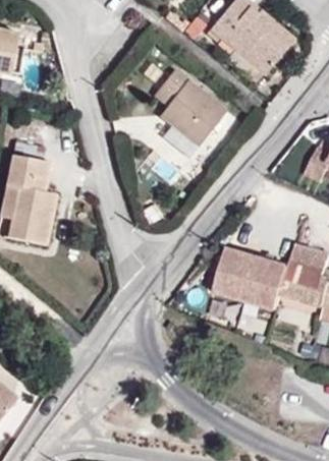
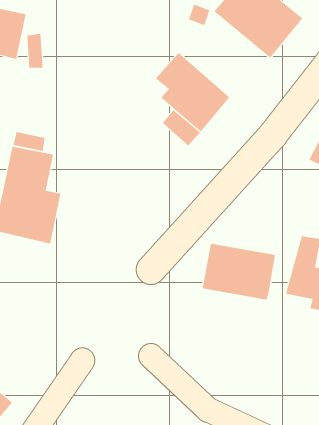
building: [265,239,295,299] -> none

